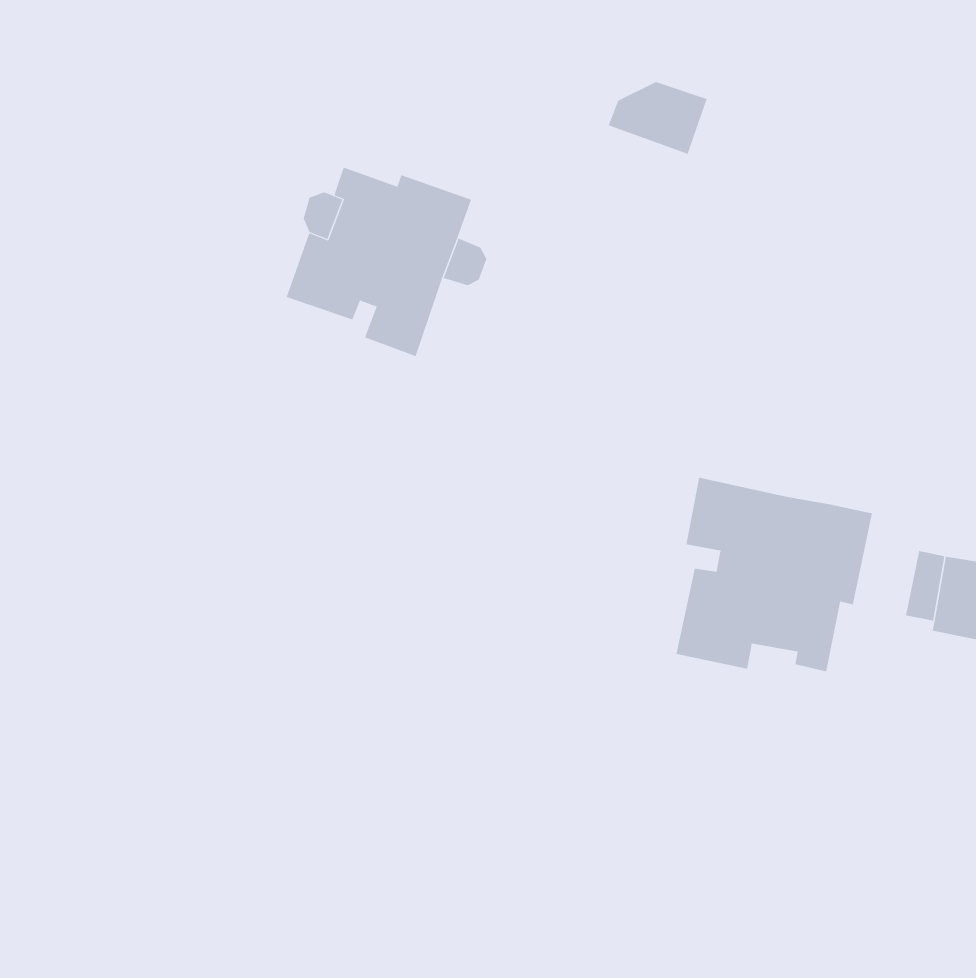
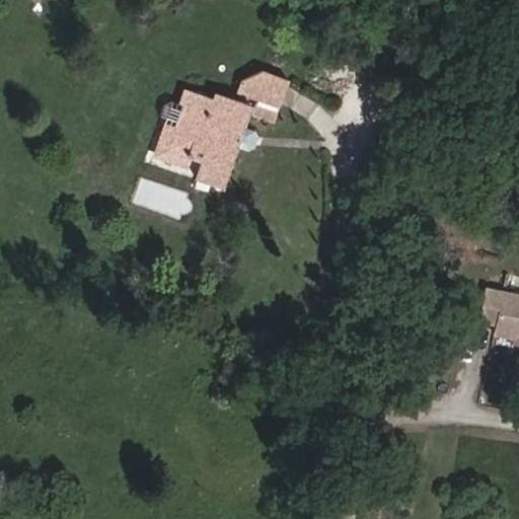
building: [608,81,707,154] -> [237,71,290,109]
building: [676,477,872,672] -> none

